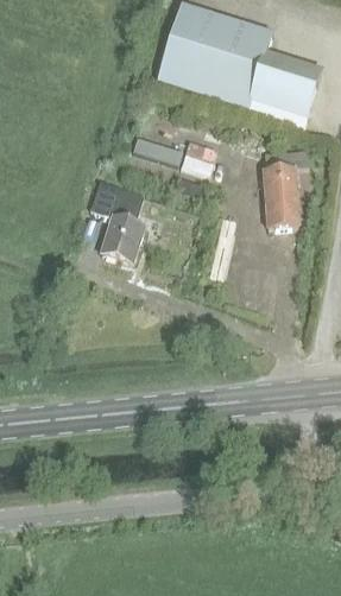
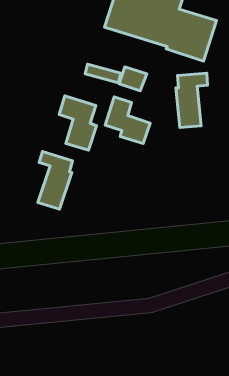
building: none -> [105,97,150,144]
building: none -> [38,151,73,209]

